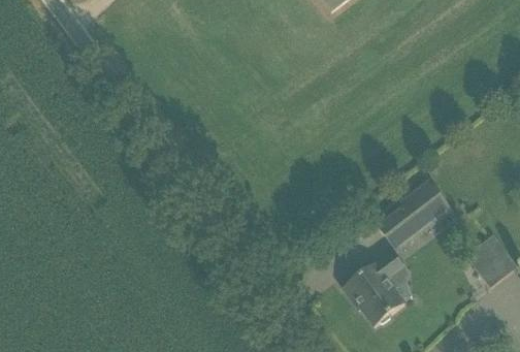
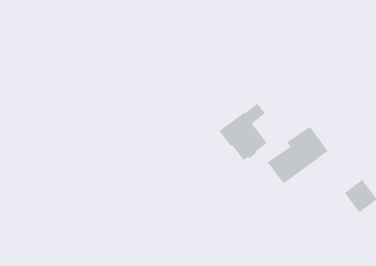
building: [349,243,410,315] -> [219,103,268,161]

